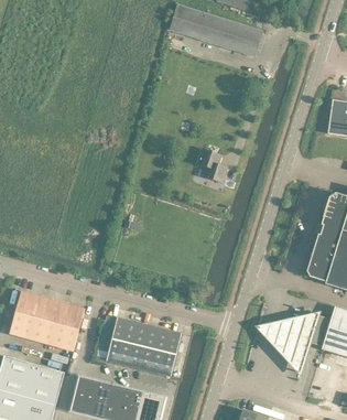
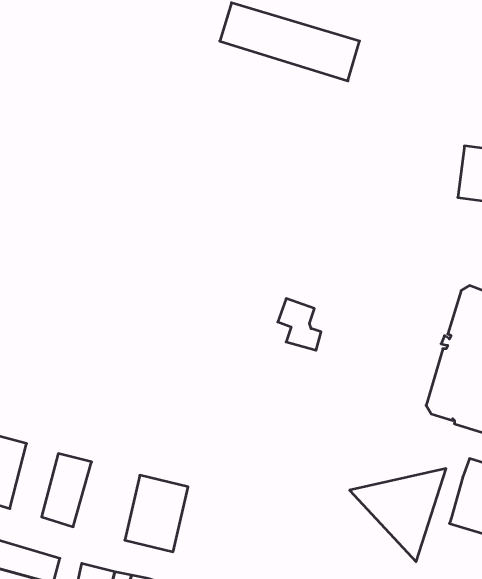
building: [197,148,226,182] -> [278,299,321,350]
building: [31,297,63,345] -> none
building: [139,325,182,376] -> none

